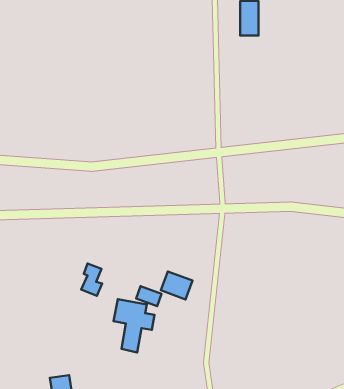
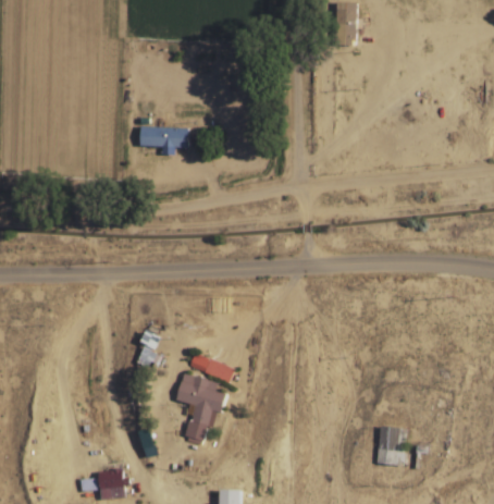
building: none -> [139,126,187,148]
building: [161,271,192,299] -> none
building: none -> [378,426,405,464]

